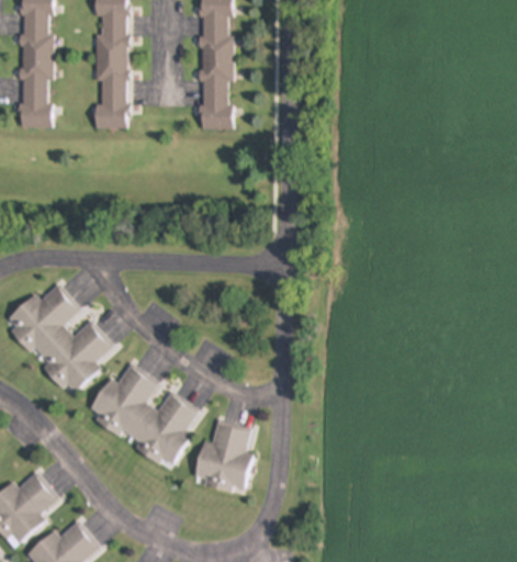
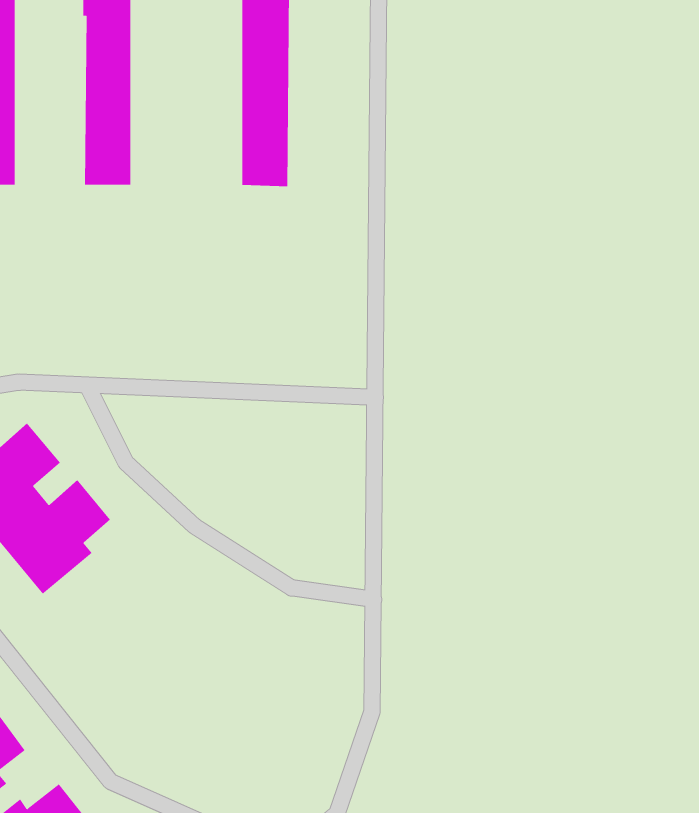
building: [89,364,202,467] -> none
building: [193,420,251,493] -> none

